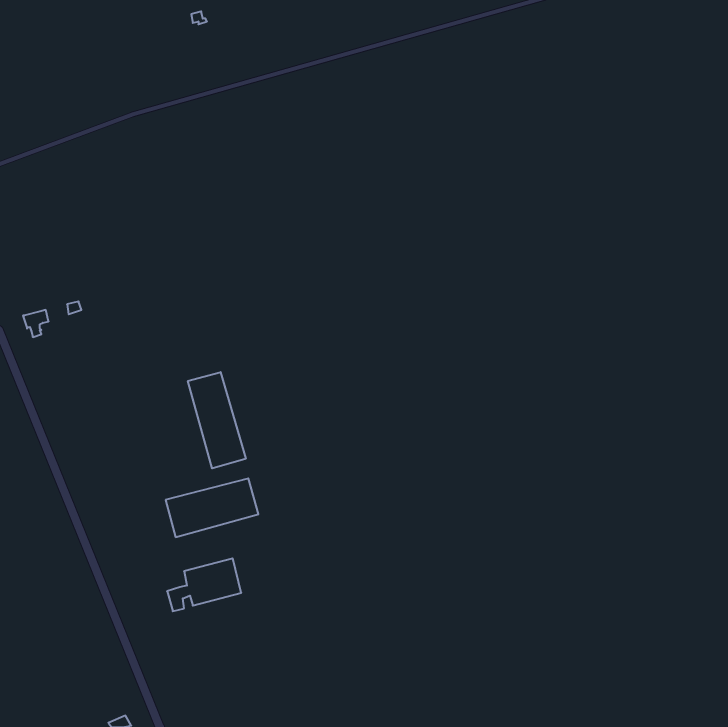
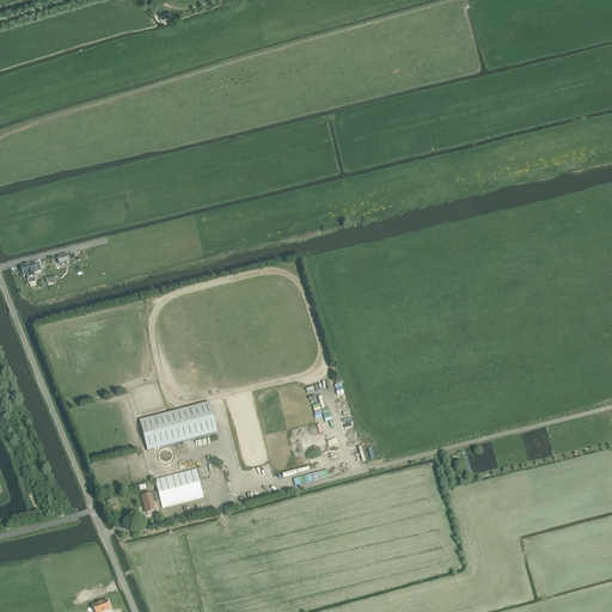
building: [188,372,246,468] -> none

